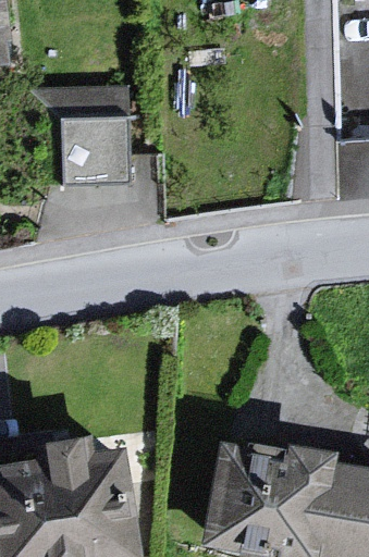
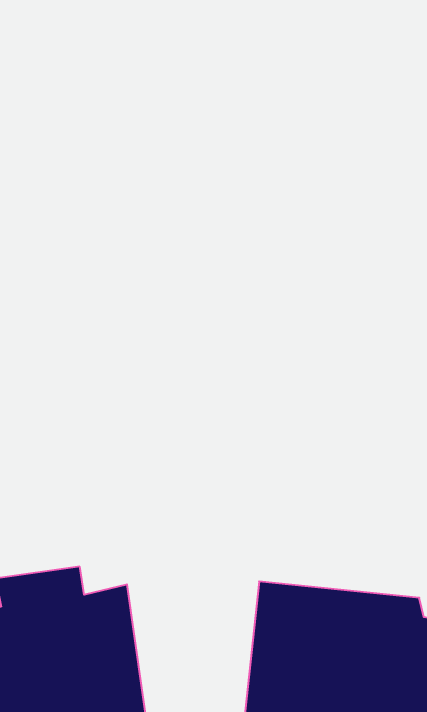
building: [69,108,139,172] -> none

